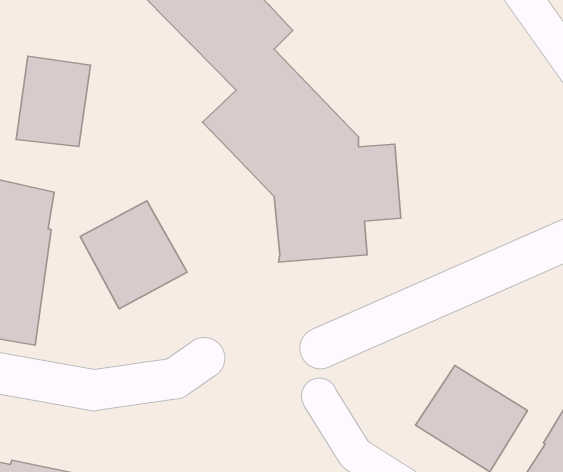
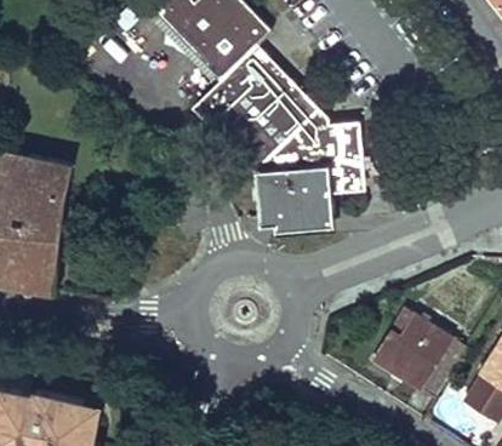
building: [16,56,90,147] -> none
building: [80,201,187,309] -> none

